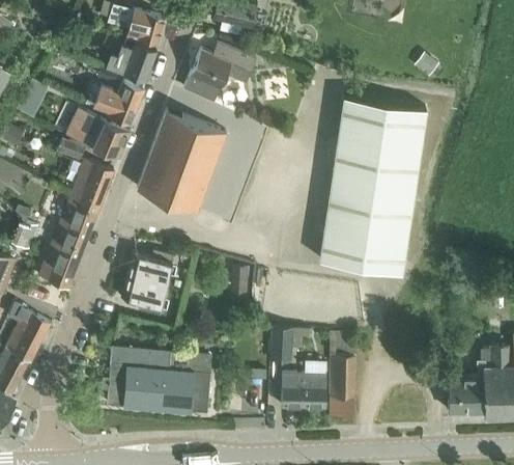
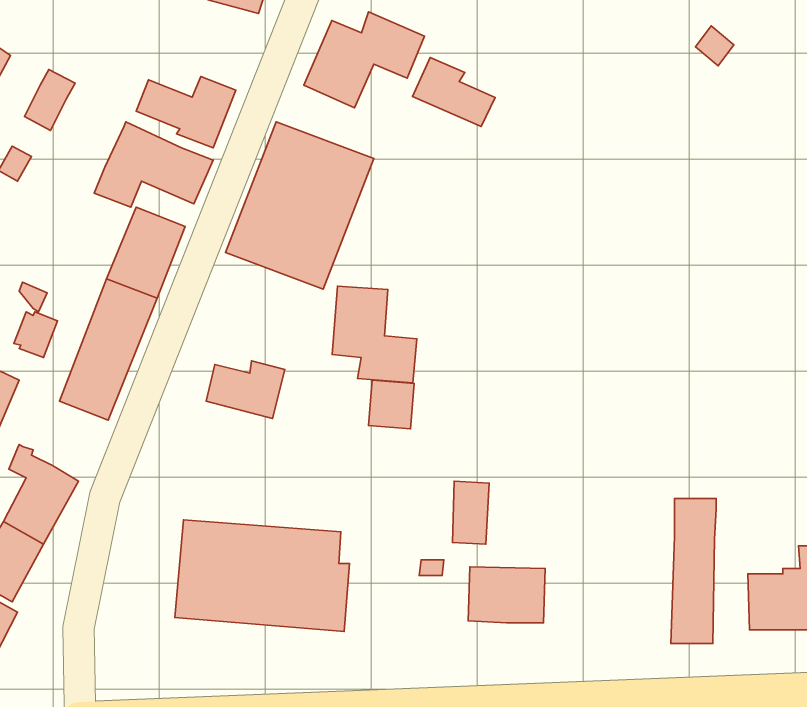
building: [98,46,156,86] -> none
building: none -> [412,58,495,126]
building: [319,97,427,273] -> none
building: none -> [332,286,417,383]
building: [120,276,166,316] -> none
building: [330,333,356,419] -> [671,499,716,643]

